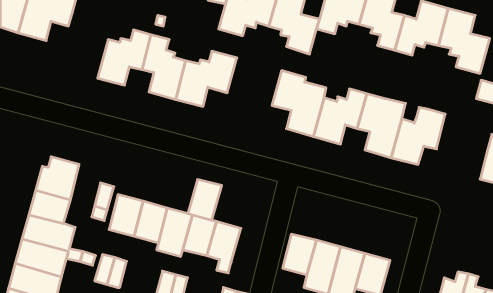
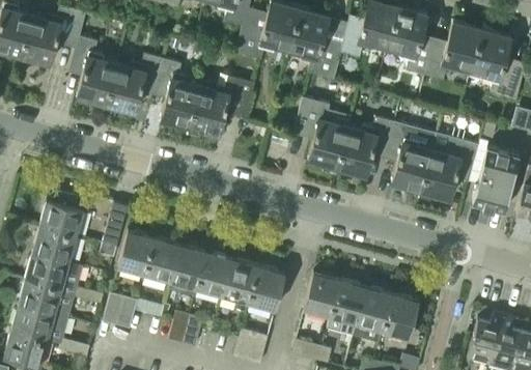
building: none -> [68,36,117,106]
building: none -> [472,147,520,214]
building: [188,180,222,220] -> [249,266,285,310]

